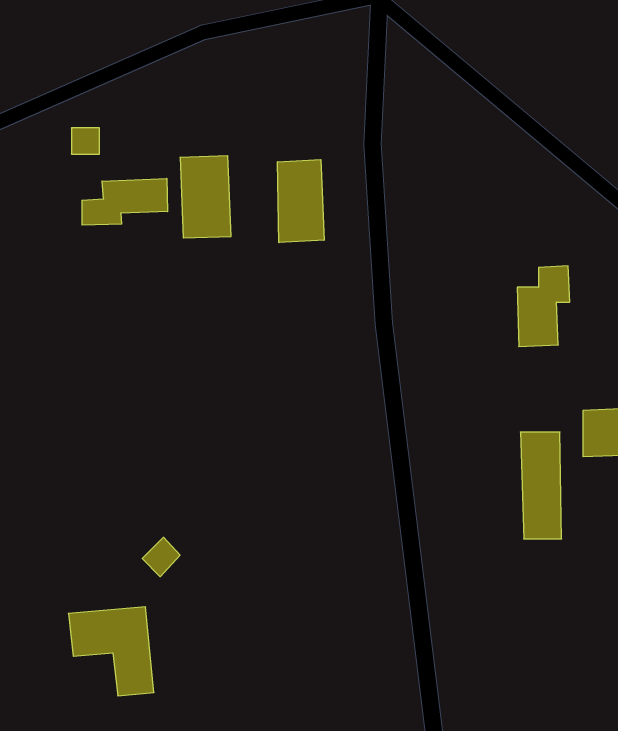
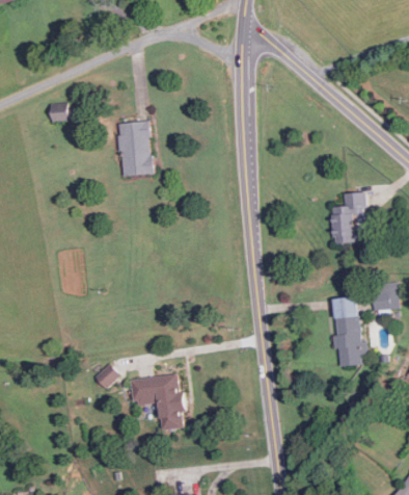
building: [278,160,324,243] -> none
building: [82,178,168,225] -> none
building: [68,607,154,696] -> [130,374,184,431]

